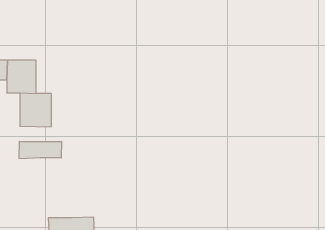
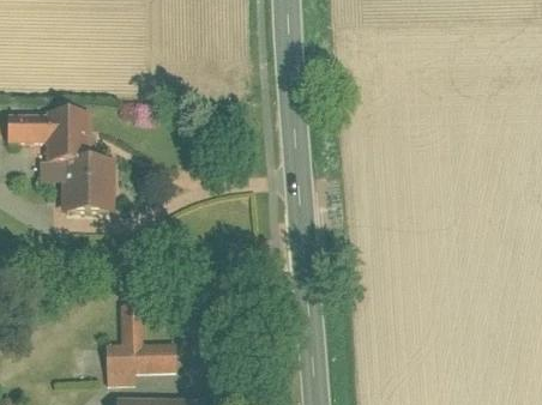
building: [19,141,61,159] -> none
building: none -> [120,309,141,346]

